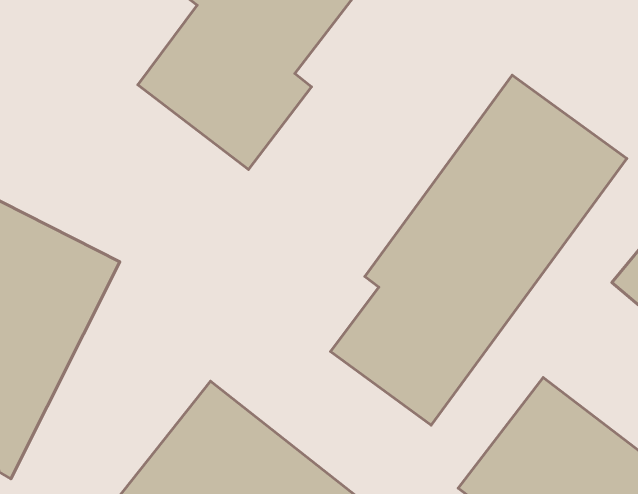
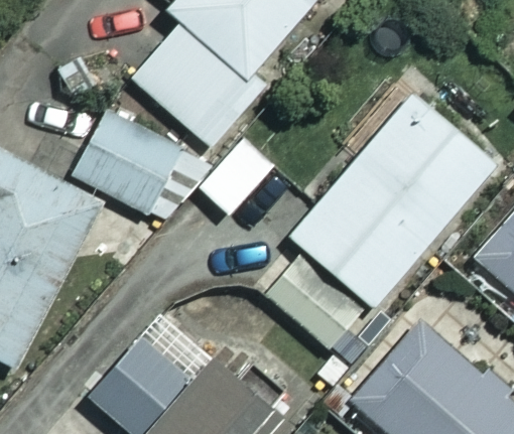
building: none -> [74,112,204,227]

